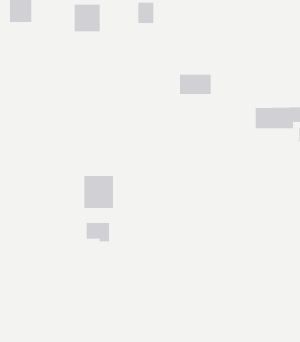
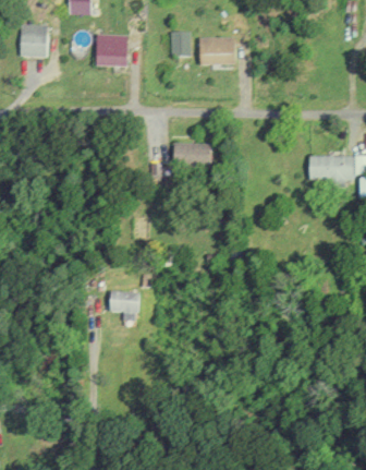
building: none -> [198,38,235,64]
building: [179,74,212,94] -> [173,143,211,167]
building: [84,175,114,209] -> none

